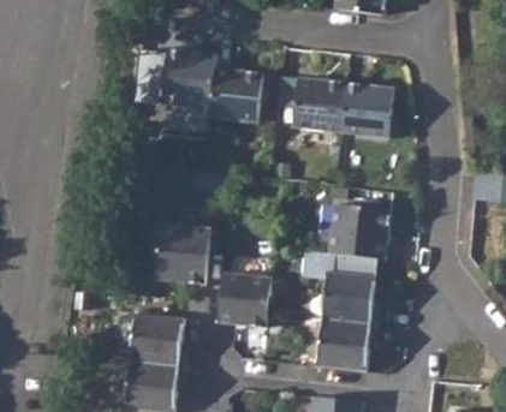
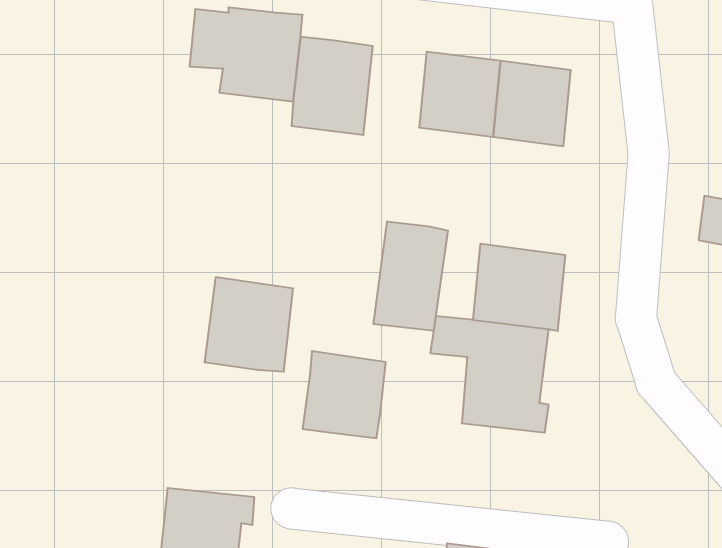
building: none -> [374,221,448,331]
building: [130,310,189,365] -> none
building: [315,317,375,370] -> none

